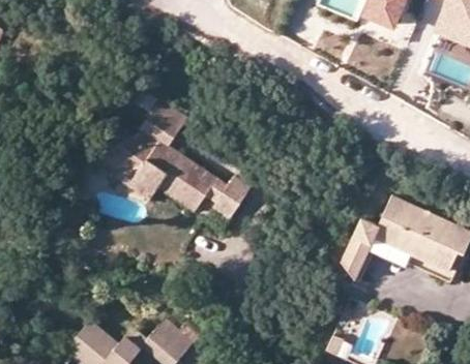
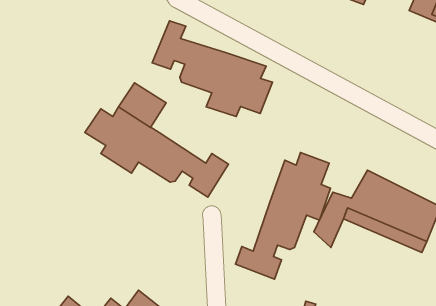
building: none -> [152,21,272,117]
building: none -> [236,153,331,279]

